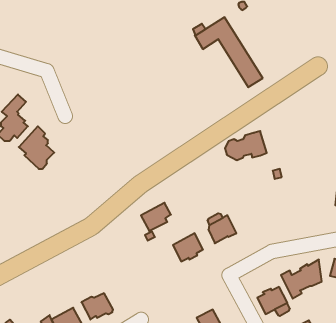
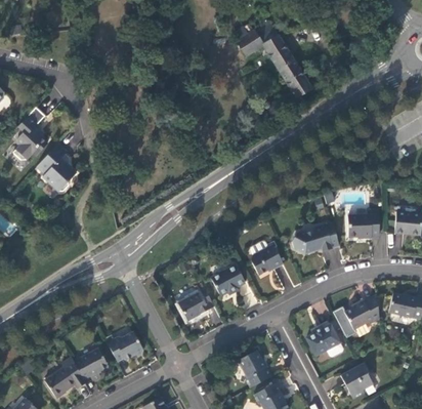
building: [225,131,267,160] -> [292,221,339,254]
building: none -> [347,211,379,238]
building: [141,203,171,231] -> [178,289,212,321]

